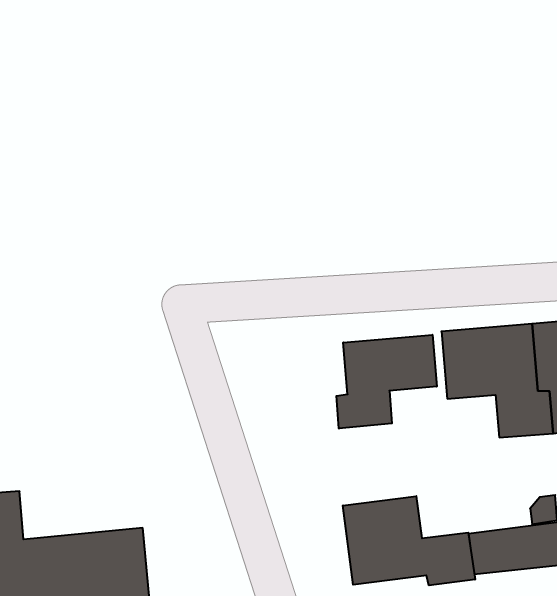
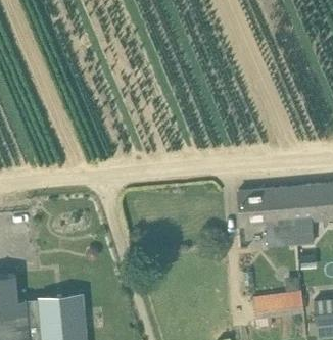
building: [336,335,437,429] -> none
building: [343,496,475,585] -> none

